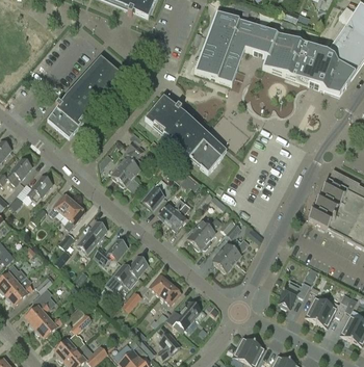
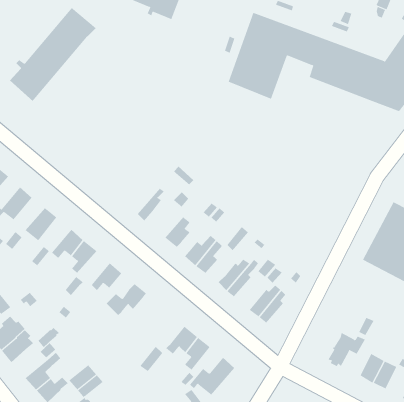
building: [51,58,124,137] -> [9,7,96,102]
building: [149,100,226,172] -> none
building: [112,140,145,180] -> none
building: [105,255,148,291] -> none

